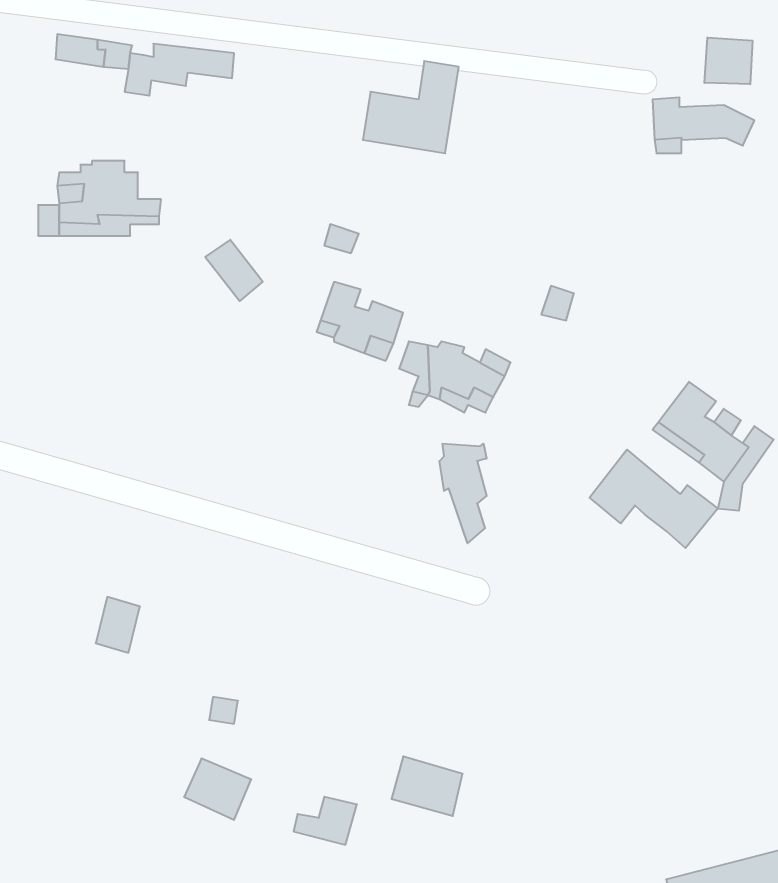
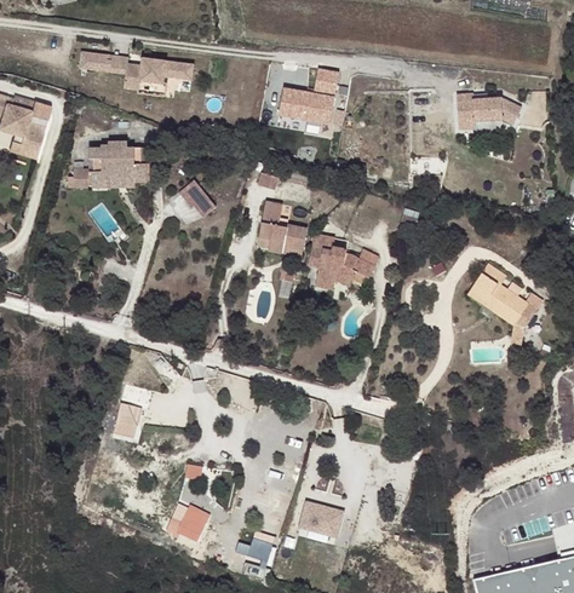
building: [704,37,752,84] -> none
building: [439,444,487,543] -> none
building: [590,450,718,548] -> none

